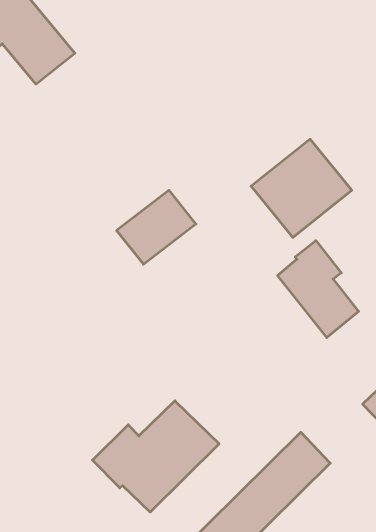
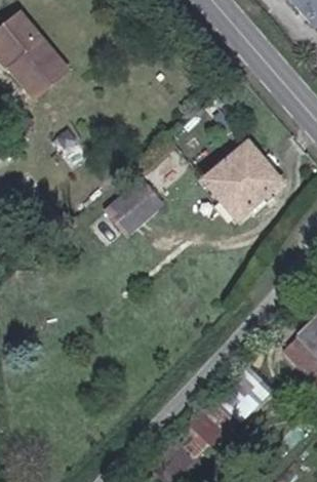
building: [278,241,359,338] -> none
building: [92,401,219,512] -> none

